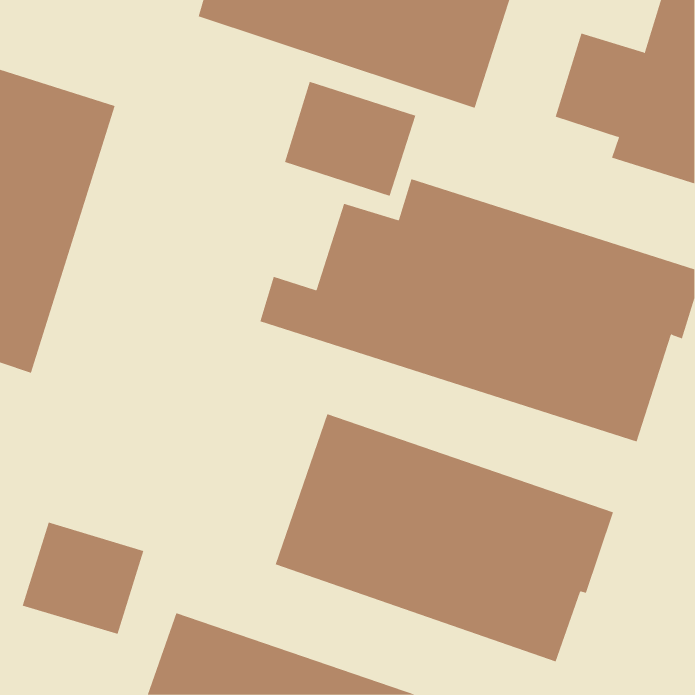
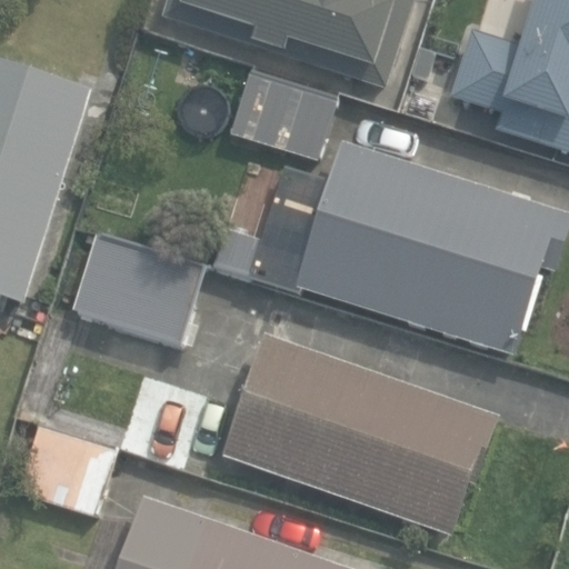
building: none -> [72,232,202,341]

